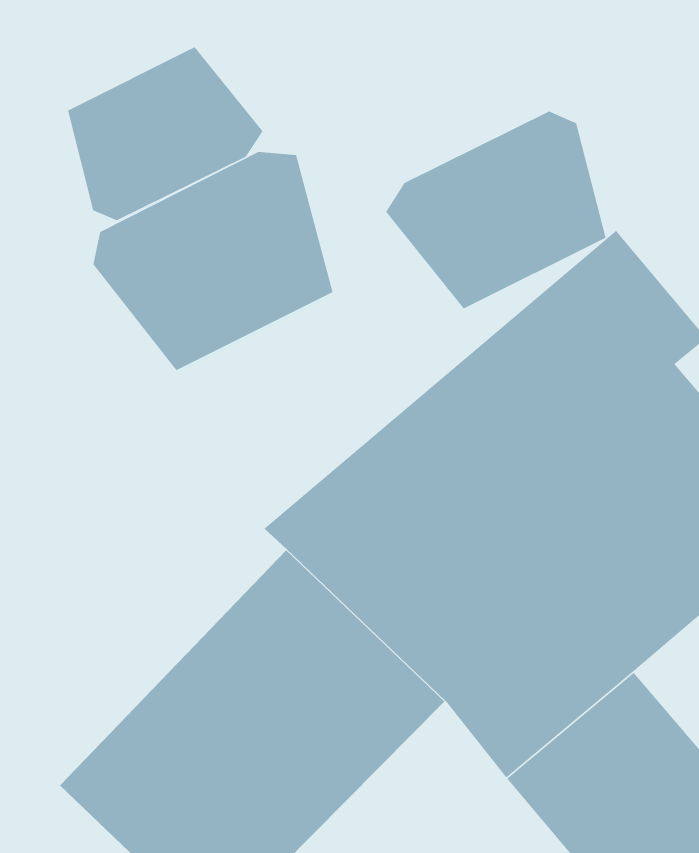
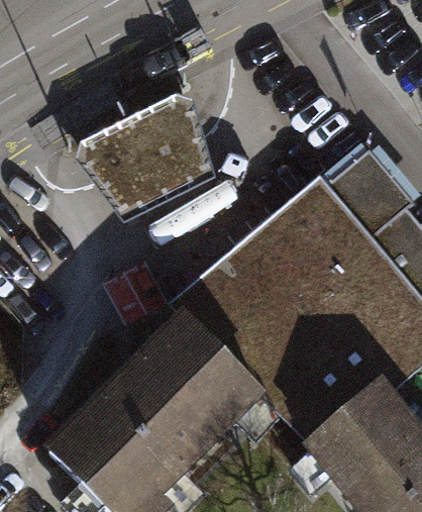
building: [67,46,263,221] -> none
building: [385,111,606,310] -> none

